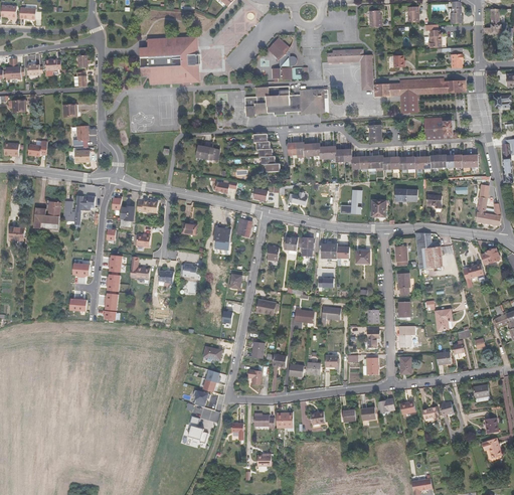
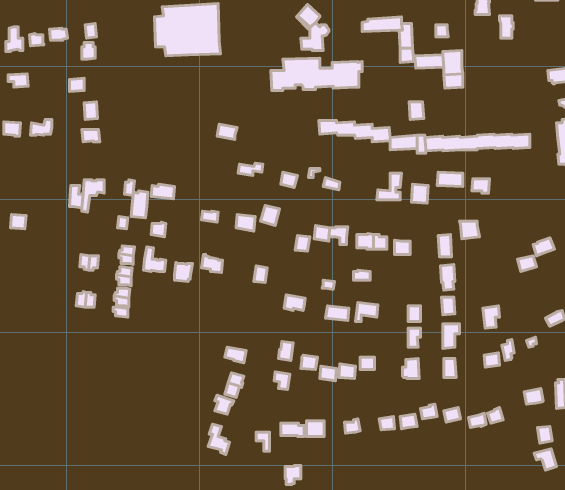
building: [416,77,463,94] -> none
building: [423,116,457,139] -> none
building: [253,133,280,171] -> none
building: [476,190,500,225] -> none
building: [33,200,60,229] -> none
building: [416,246,443,268] -> none

